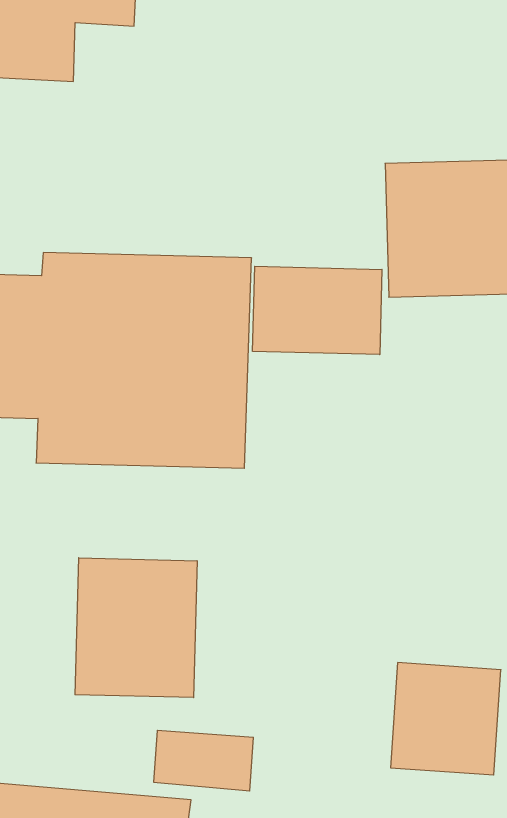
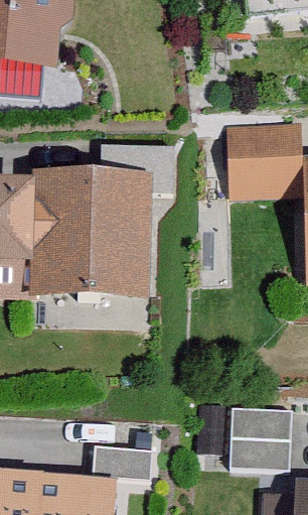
building: [253,266,382,355] -> none
building: [75,558,197,698] -> none

